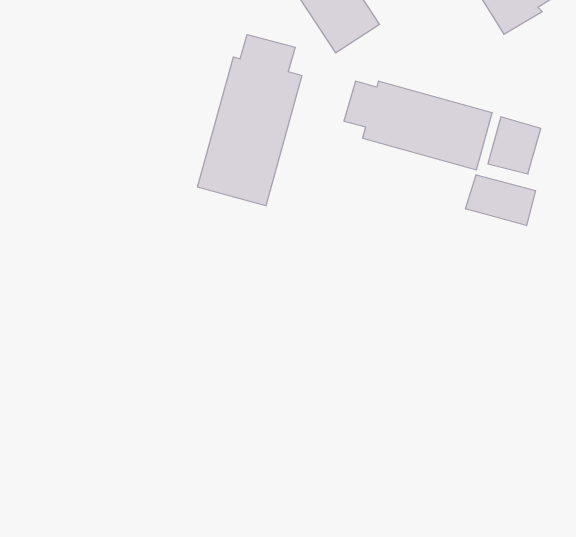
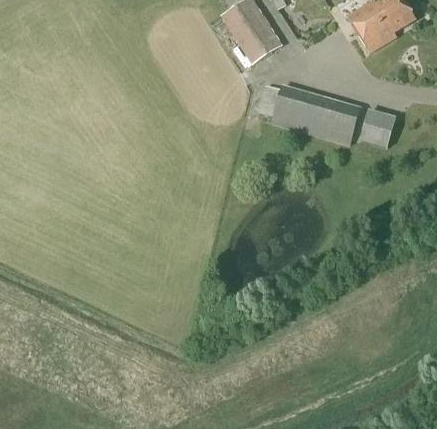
building: [198,35,302,206] -> none
building: [466,175,535,226] -> none

